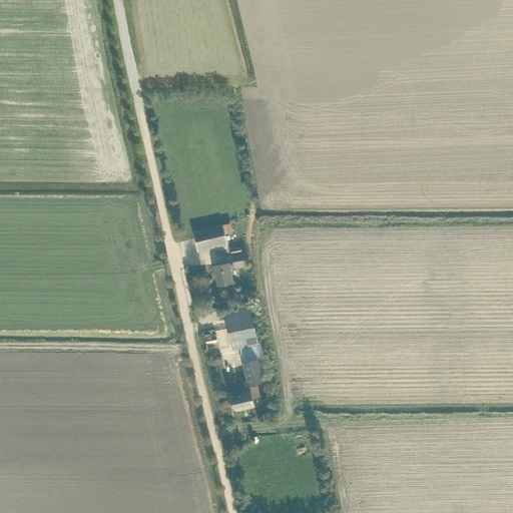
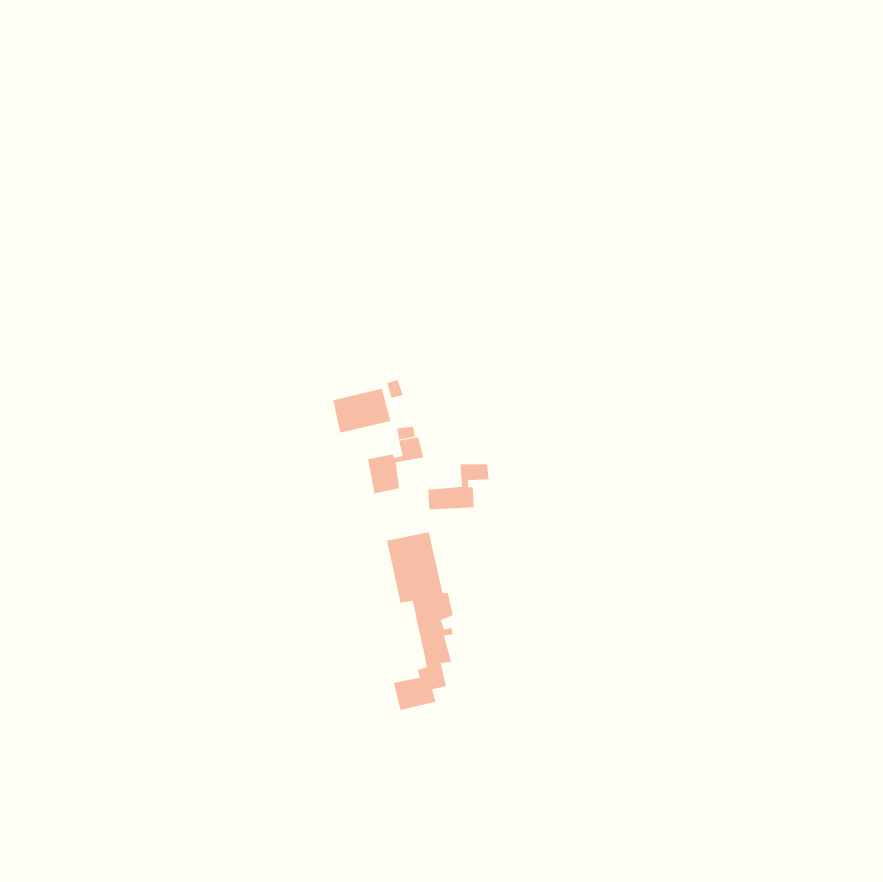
building: none -> [428,463,489,510]

